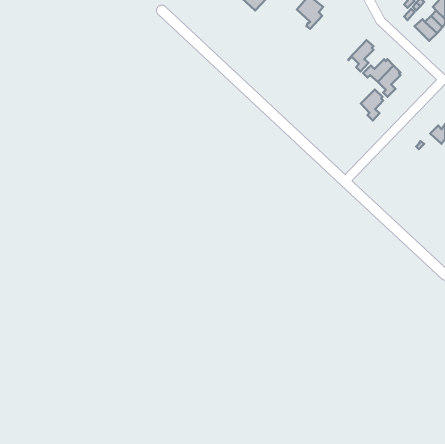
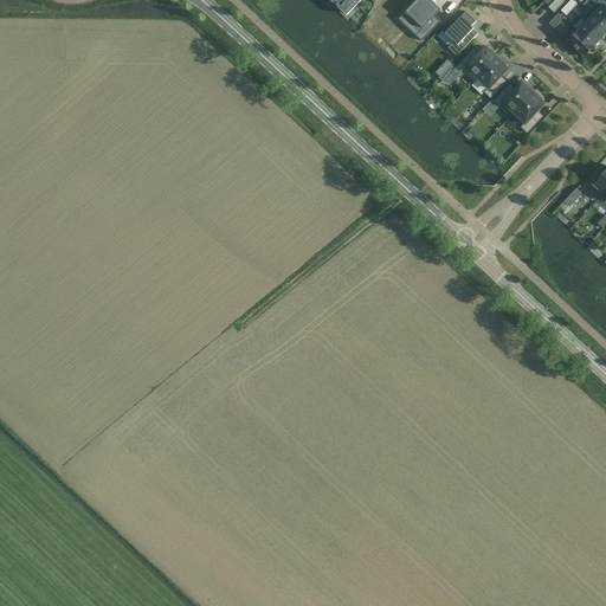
building: none -> [443,9,476,53]
building: none -> [453,46,498,80]
building: [361,90,383,120] -> none

